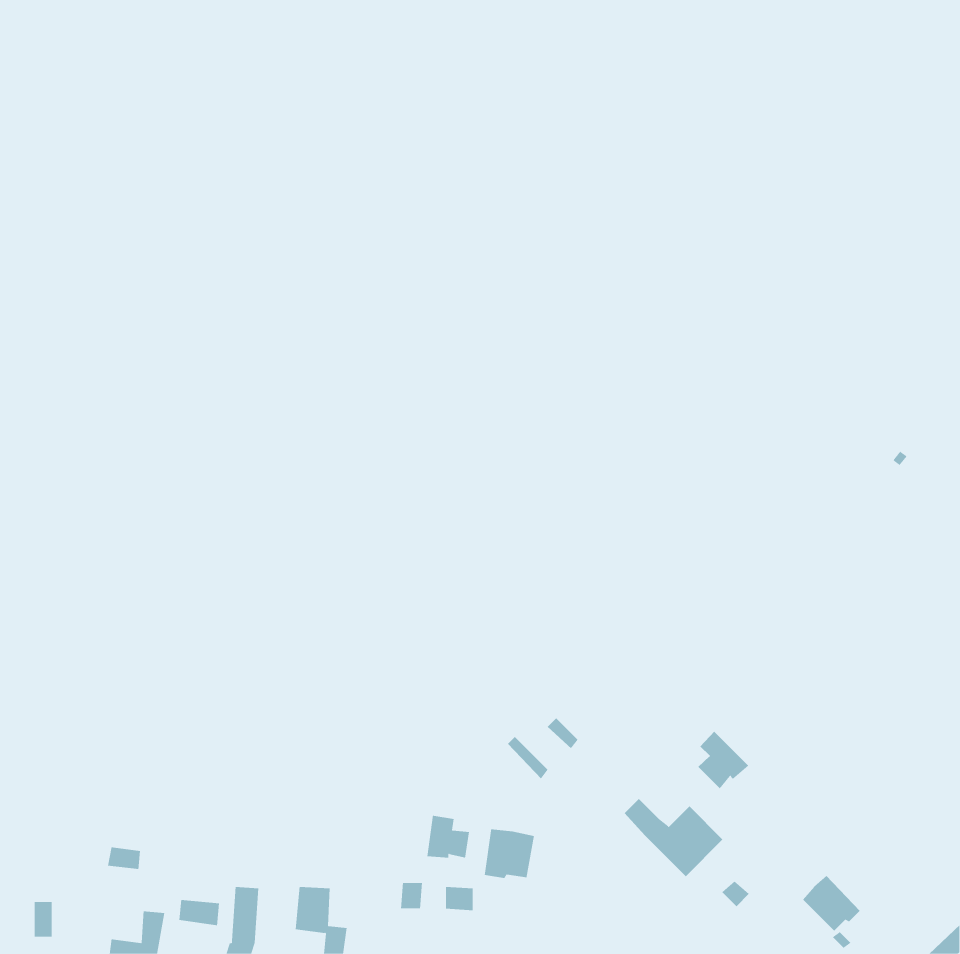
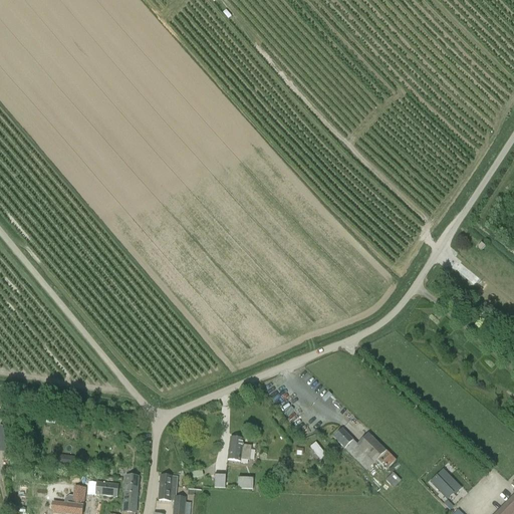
building: [698,731,749,789] -> none
building: [484,829,534,879] -> none

